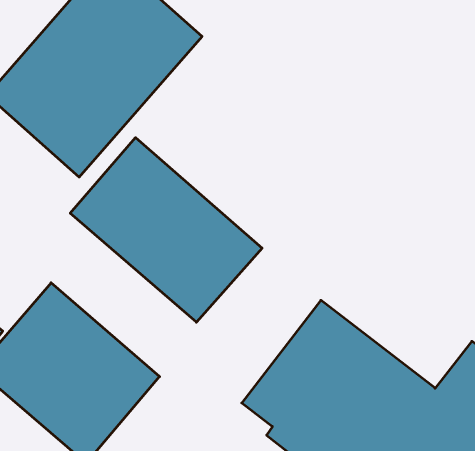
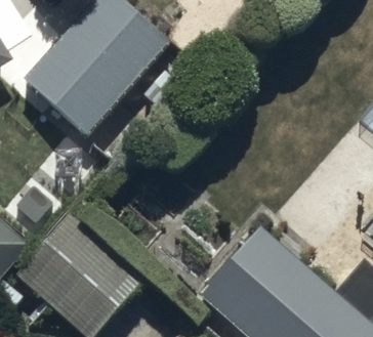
building: [70,138,262,322] -> none

